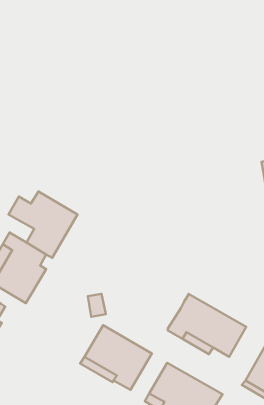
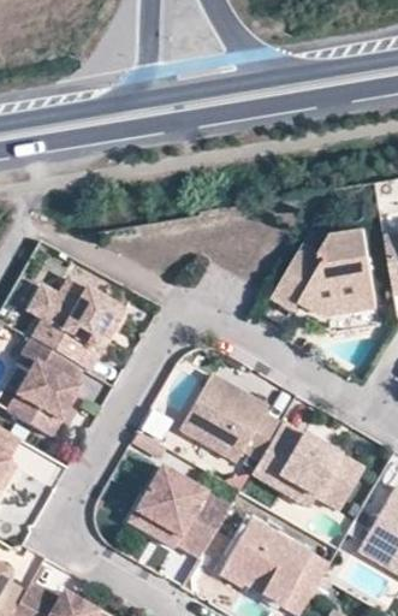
building: none -> [272,227,376,314]
building: none -> [178,373,280,470]

